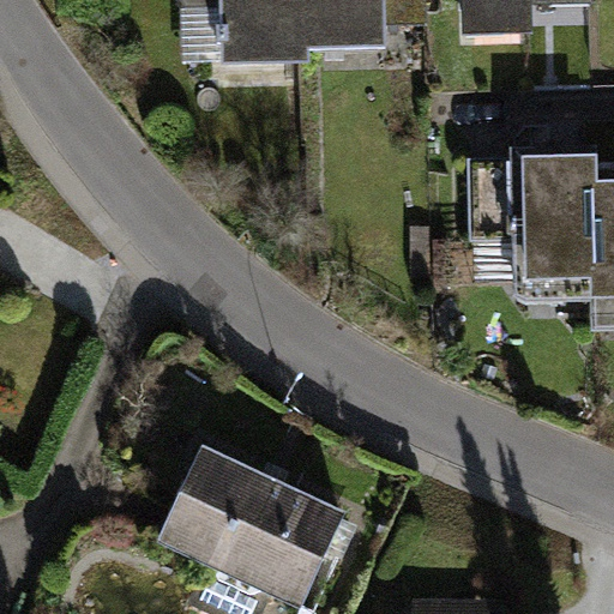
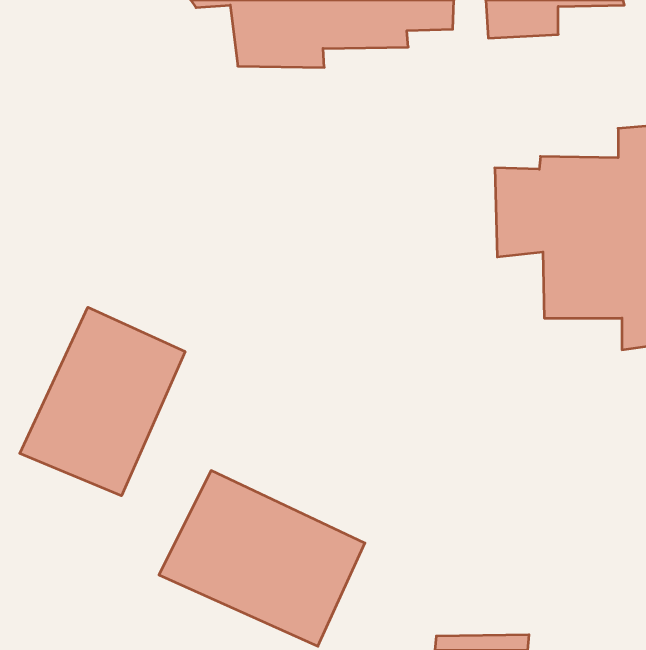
building: none -> [20,307,185,496]

